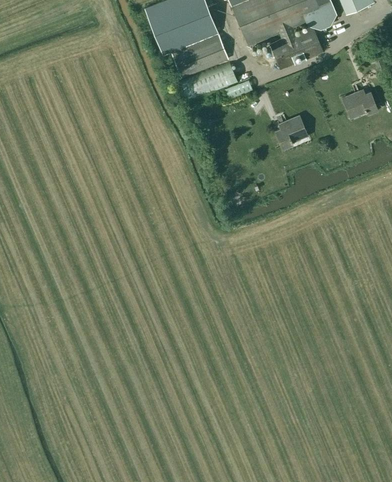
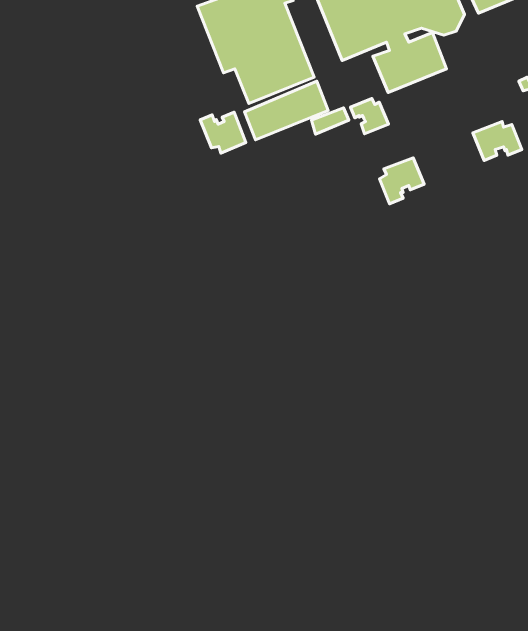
building: none -> [351,98,388,134]
building: none -> [200,112,246,153]

